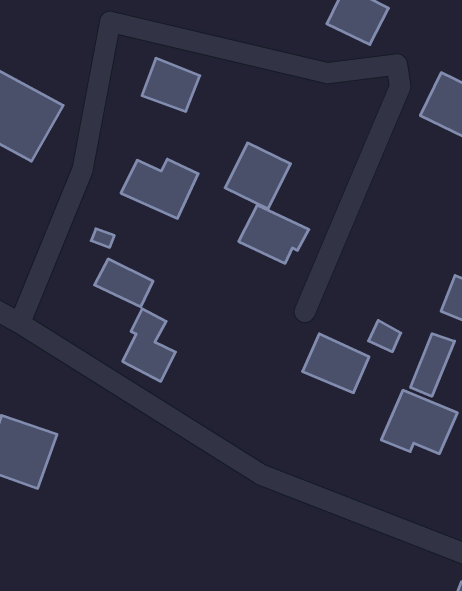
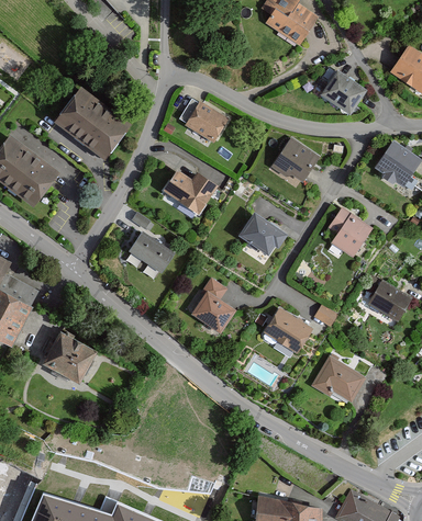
building: [225,143,291,209] -> [271,138,319,185]
building: none -> [327,208,369,257]
building: [123,309,176,381] -> [196,278,233,329]
building: [411,334,455,396] -> none

